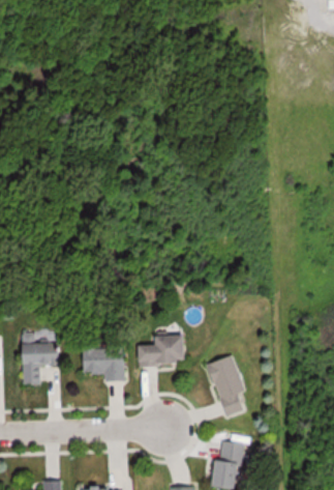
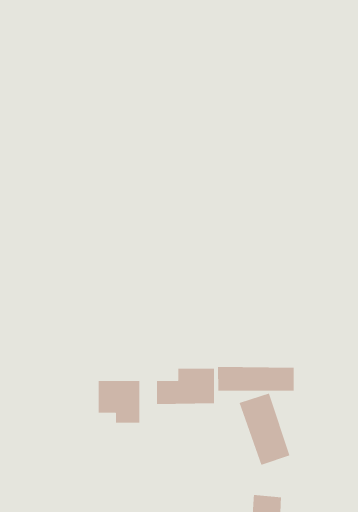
building: none -> [217,366,294,392]
building: [21,338,58,384] -> none

